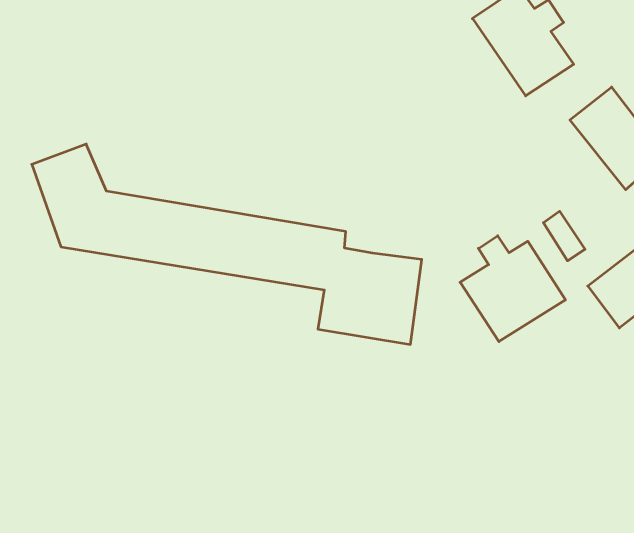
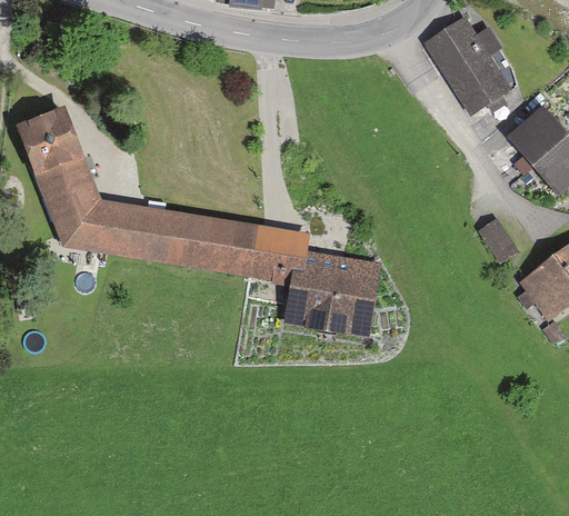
building: none -> [18,108,83,173]
building: [460,236,565,342] -> none

